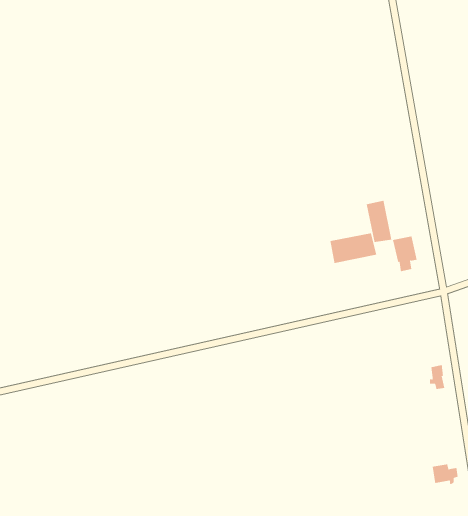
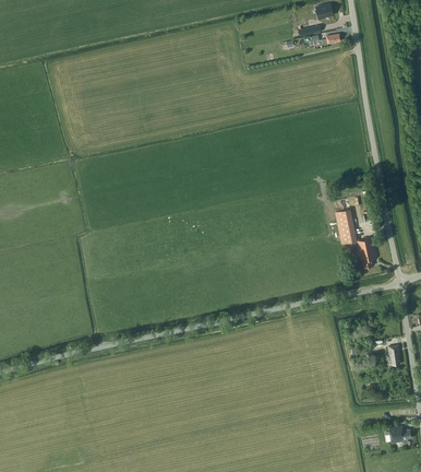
building: [330,233,377,264] -> none

